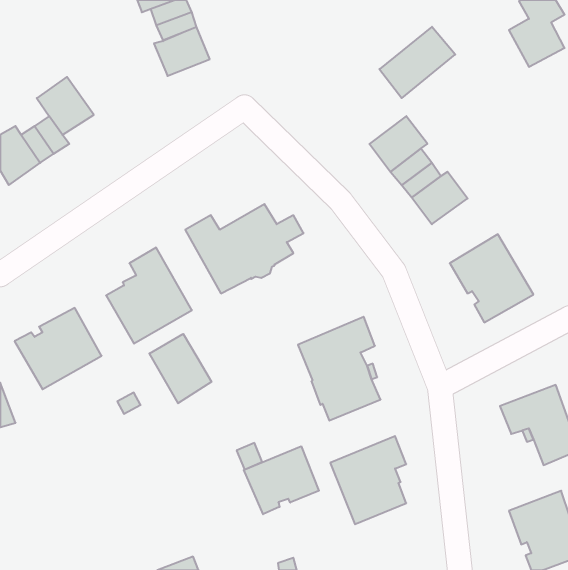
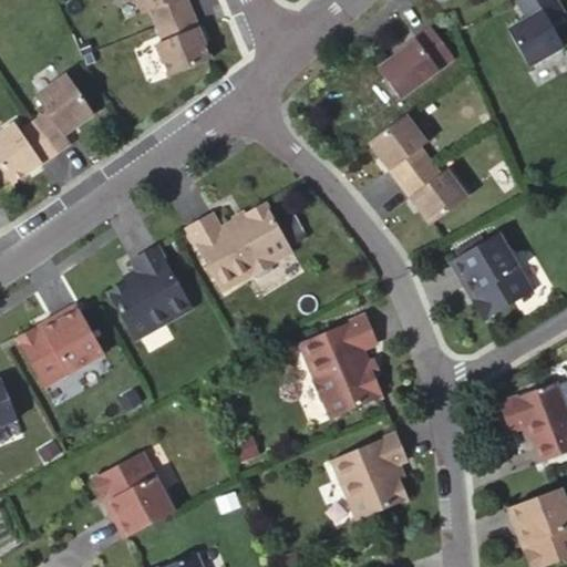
building: [149,334,211,403] -> none
building: [244,446,319,514] -> none
building: none -> [91,452,173,538]

